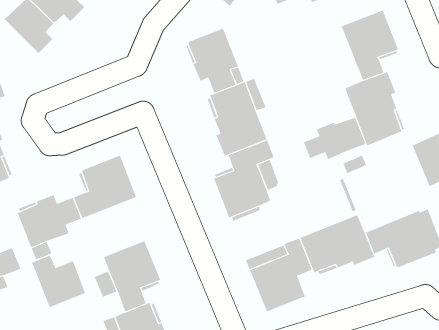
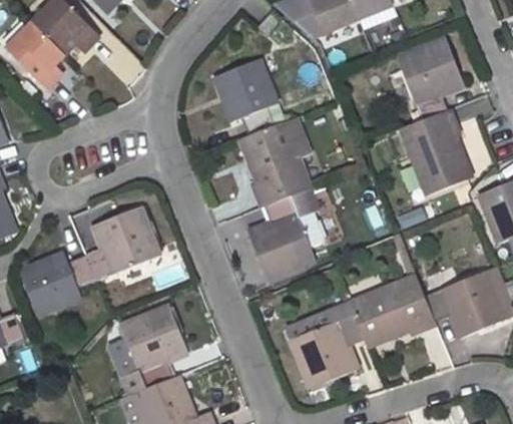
building: [303,117,366,160] -> none
building: [31,255,86,308] -> none

